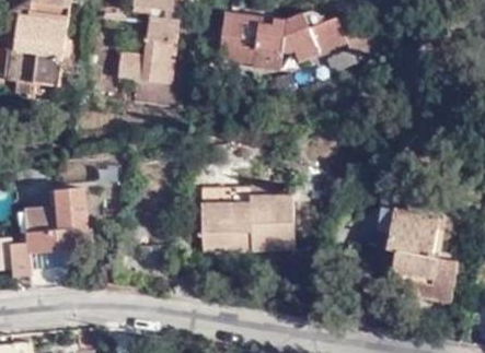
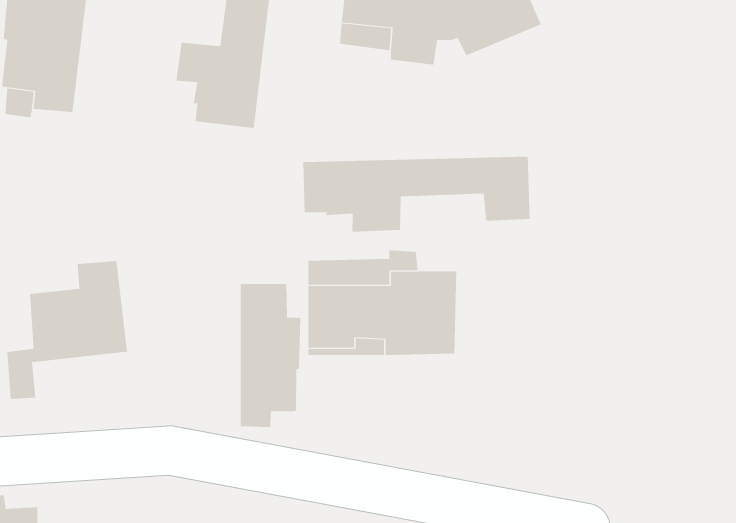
building: none -> [303,156,530,232]
building: none -> [240,283,301,428]
building: [391,209,455,301] -> none

